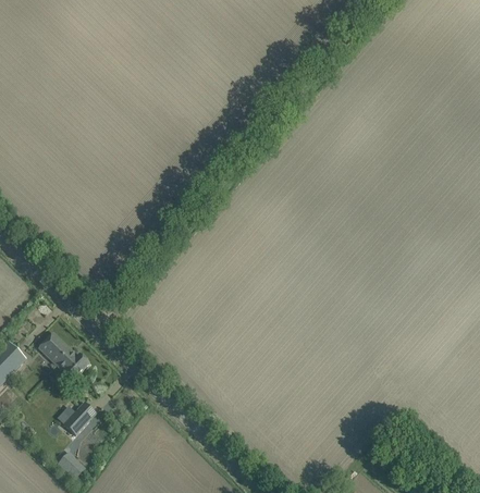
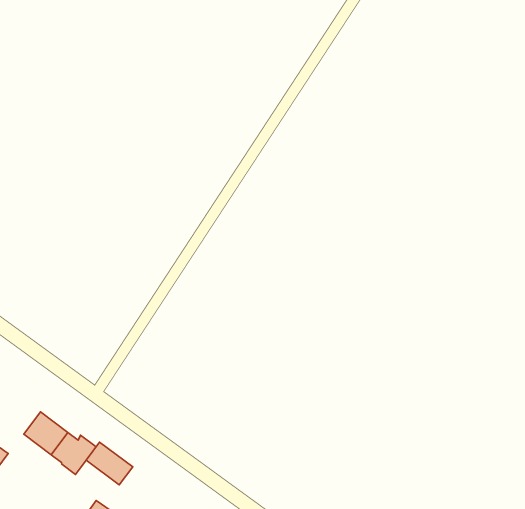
building: none -> [86,442,133,485]

